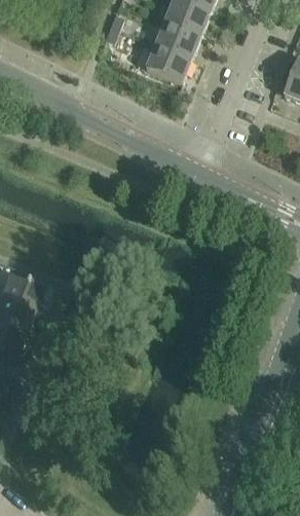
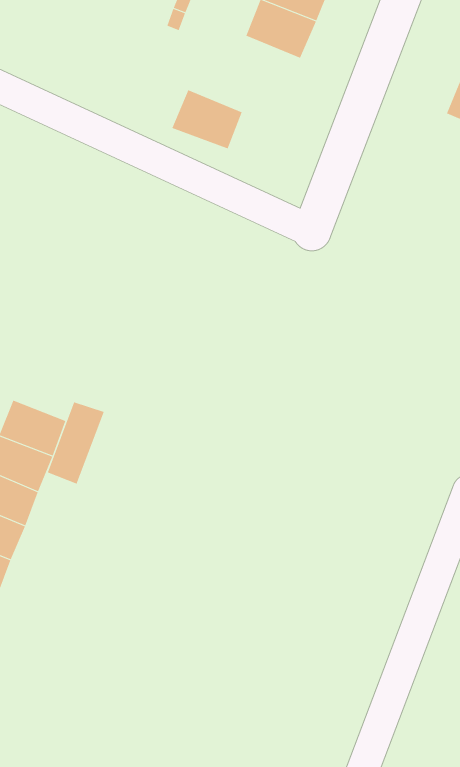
building: [147,45,192,83] -> [172,89,243,149]
building: none -> [47,401,105,485]

